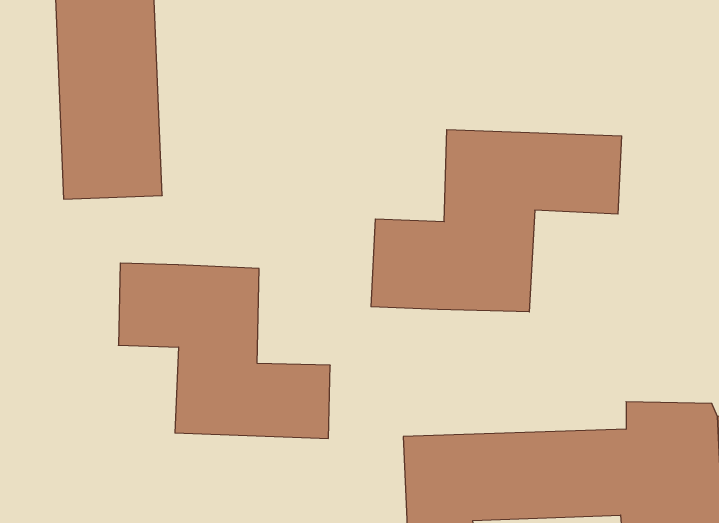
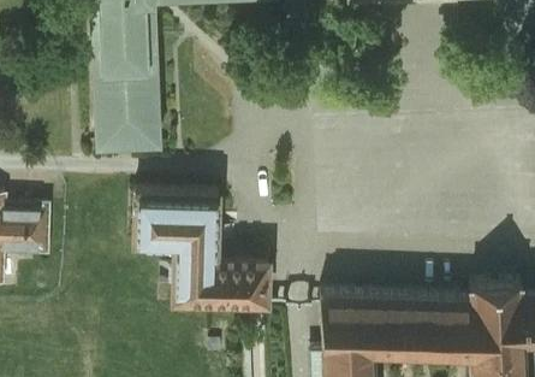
building: [371,130,622,312] -> none

